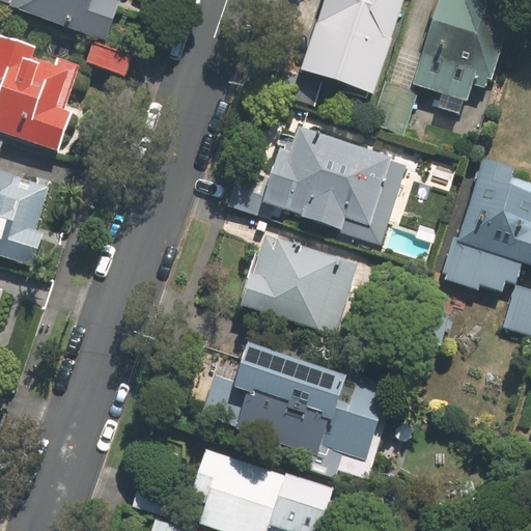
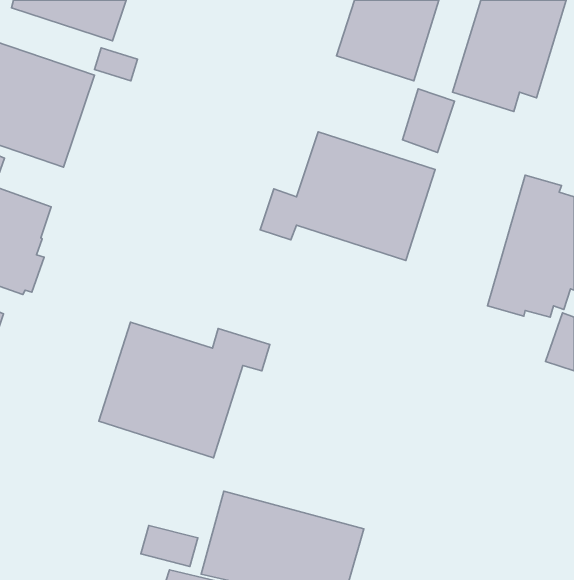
building: [241,233,360,337] -> none
building: none -> [99,322,270,458]
building: [199,339,389,460] -> none

